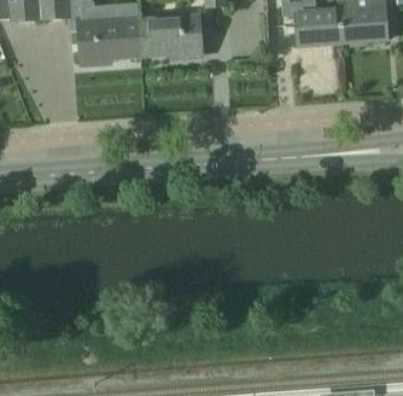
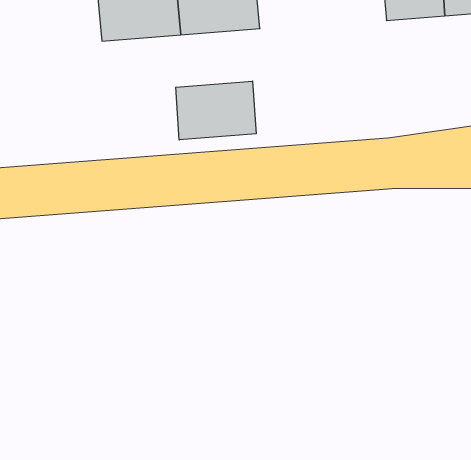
building: none -> [176,81,256,140]

